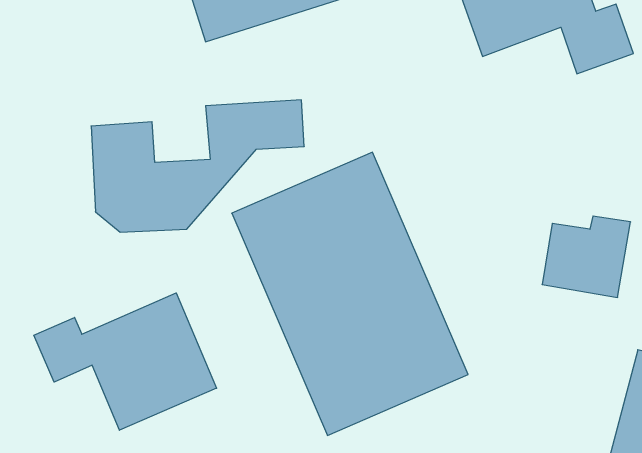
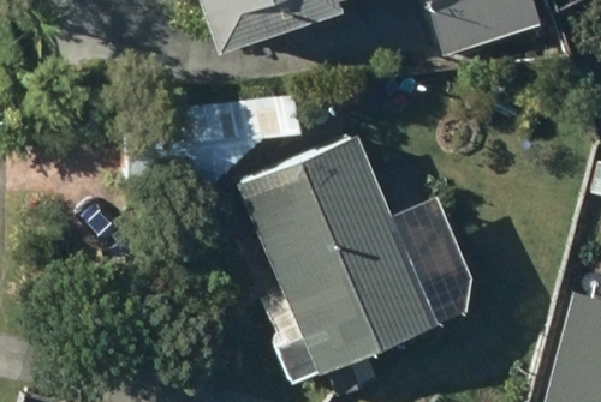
building: [34,293,217,430] -> none

